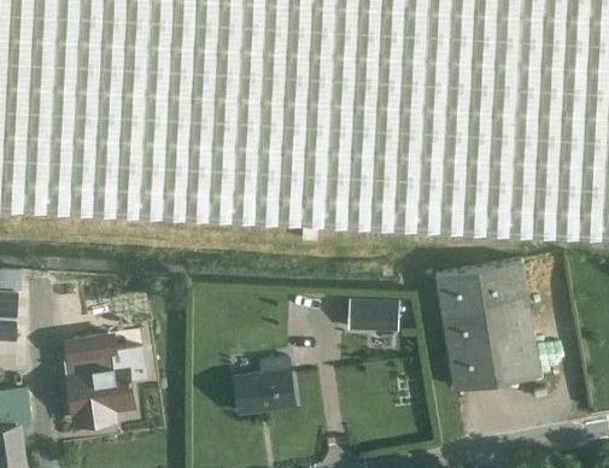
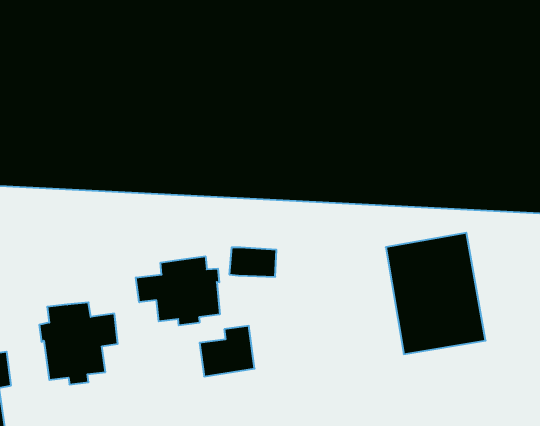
building: none -> [136,256,220,325]
building: [349,300,399,332] -> [229,247,276,277]

